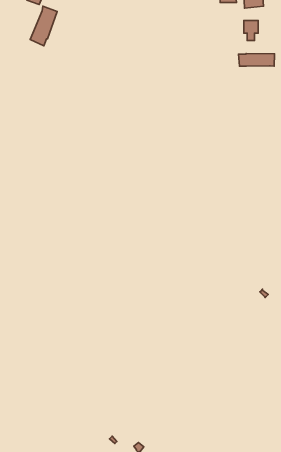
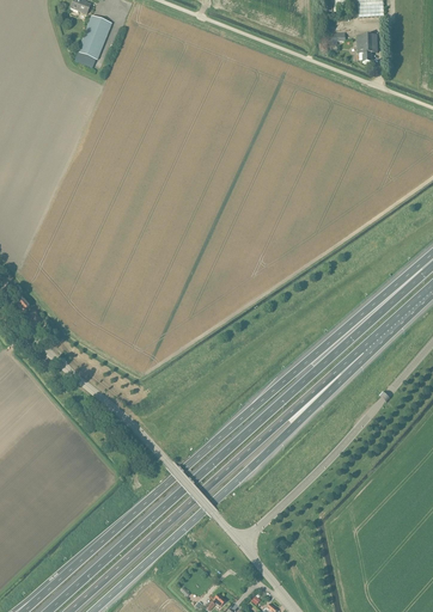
building: [238,54,274,66] -> none

